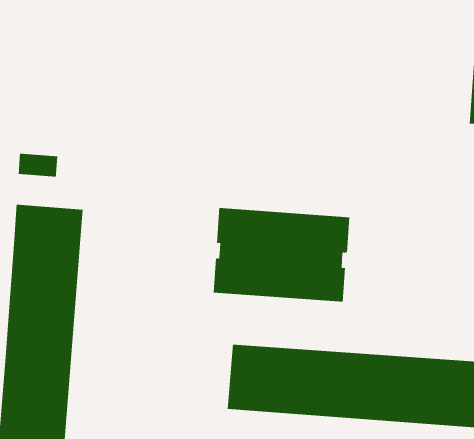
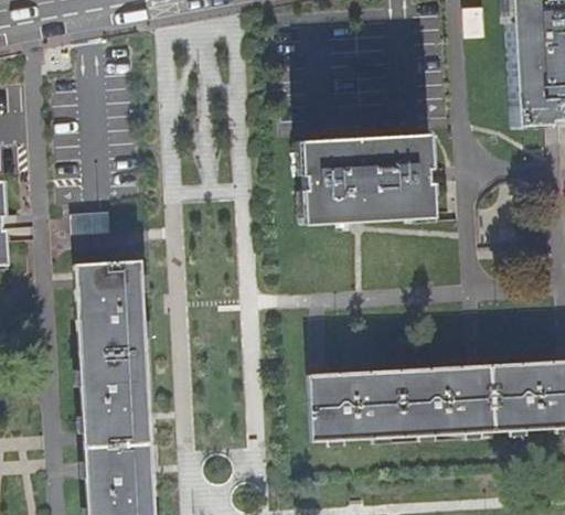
building: [213,208,350,302] -> [298,132,434,225]

